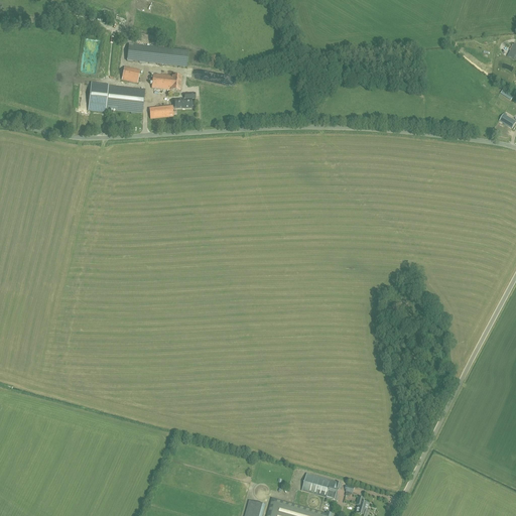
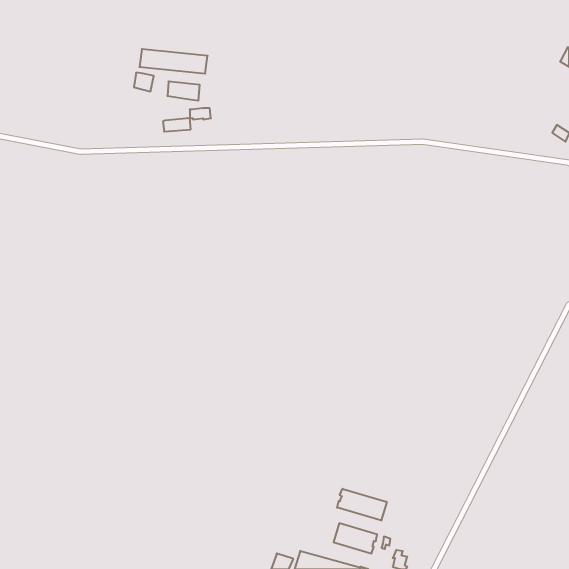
building: [88,83,144,113] -> none
building: none -> [337,489,387,521]

